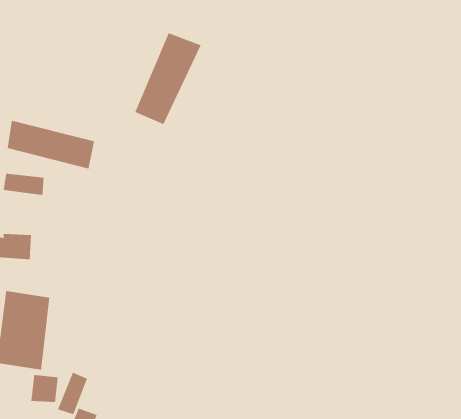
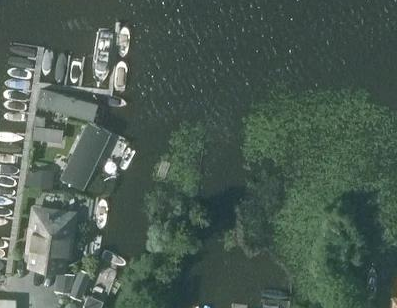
building: [135,32,202,125] -> [63,126,111,192]

